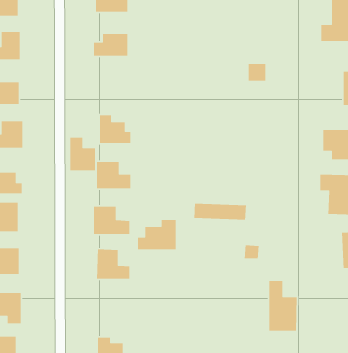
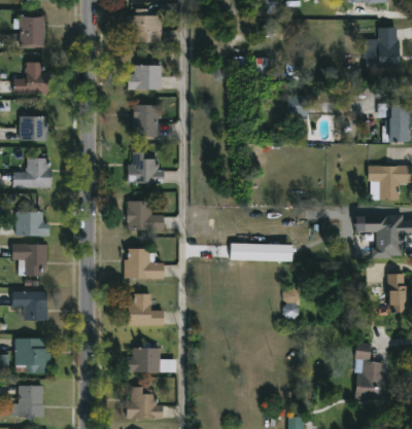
building: none -> [133,105,158,137]
building: [70,137,96,171] -> none
building: [137,219,176,250] -> none
building: [269,280,298,332] -> [355,345,386,399]
building: none -> [132,349,175,371]

